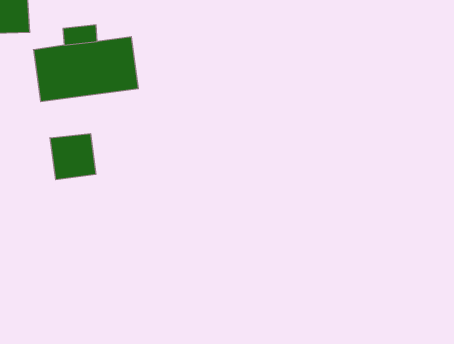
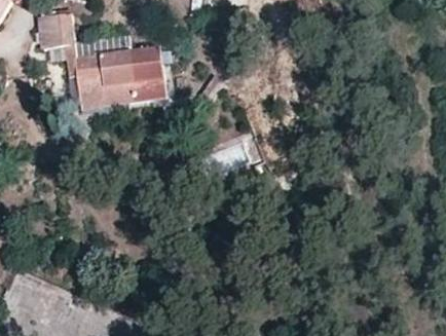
building: [50,134,96,180] -> none

